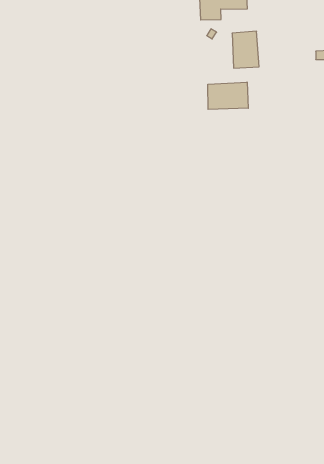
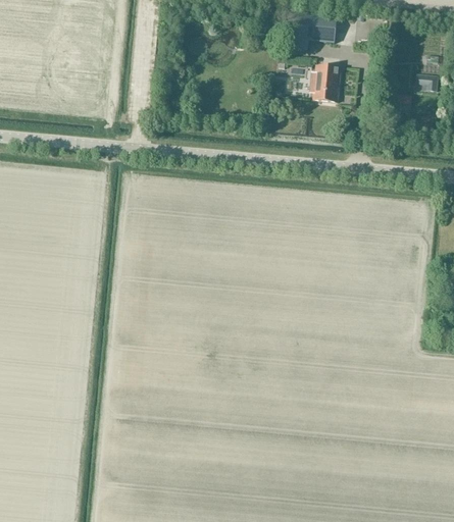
building: [208,82,248,109] -> none

